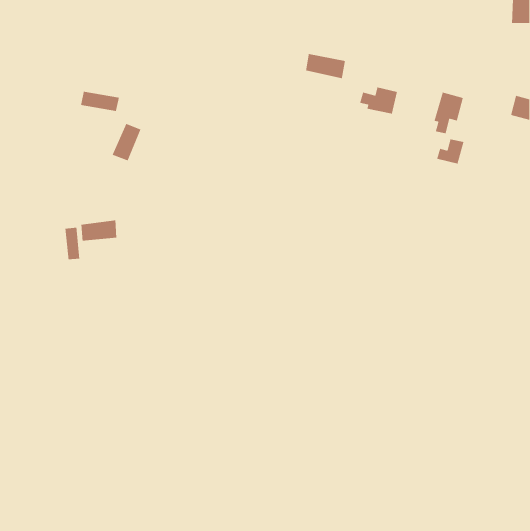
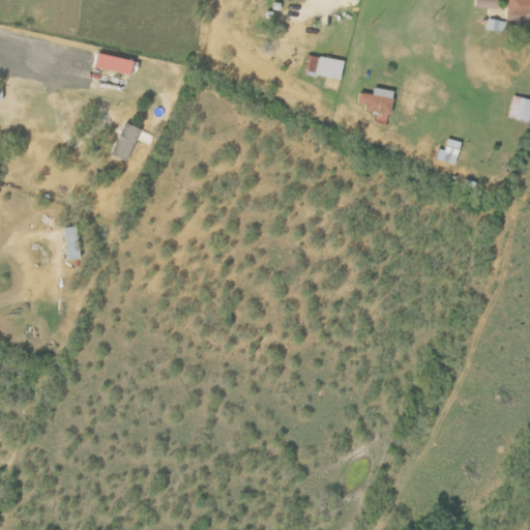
building: [80,91,120,112] -> [96,53,136,73]
building: [433,92,464,134] -> none
building: [80,220,117,242] -> none

